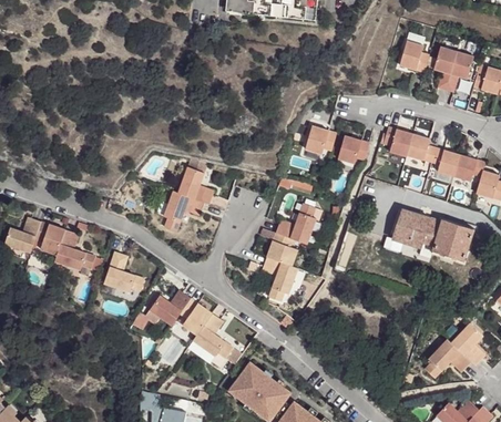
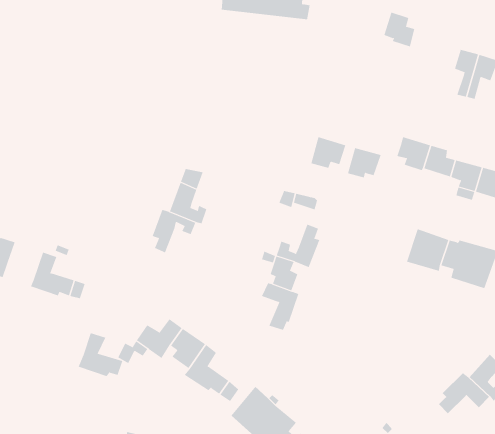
building: [400,42,429,74] -> [383,12,415,47]
building: [33,222,64,256] -> none
building: [103,253,144,292] -> [78,333,123,377]

